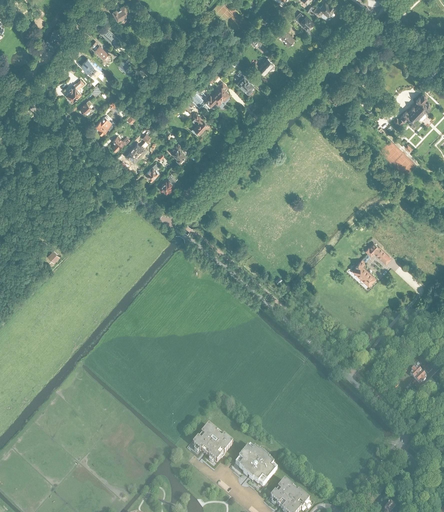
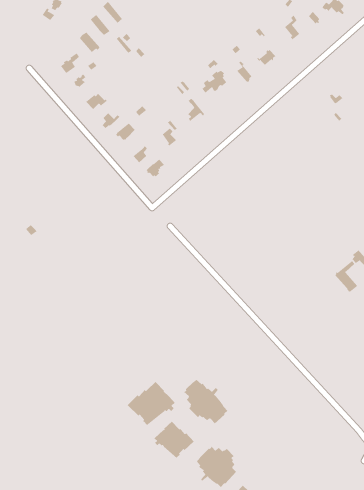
building: none -> [183,379,228,424]
building: none -> [127,381,176,426]

